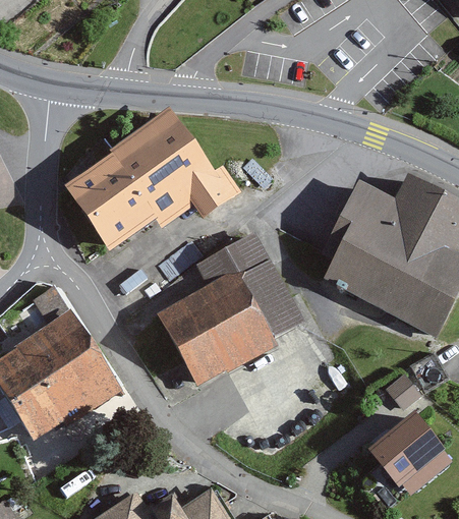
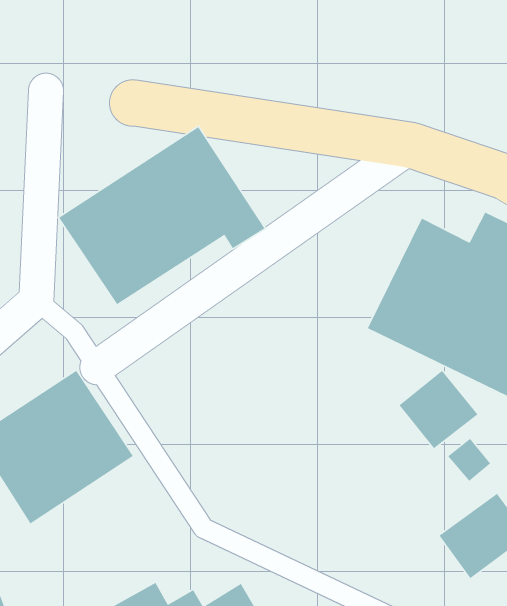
building: [156,232,301,389] -> none
building: none -> [399,370,479,449]

